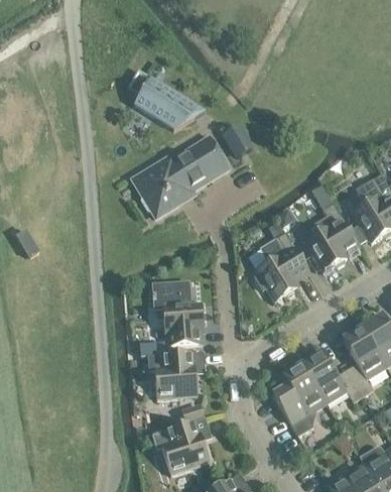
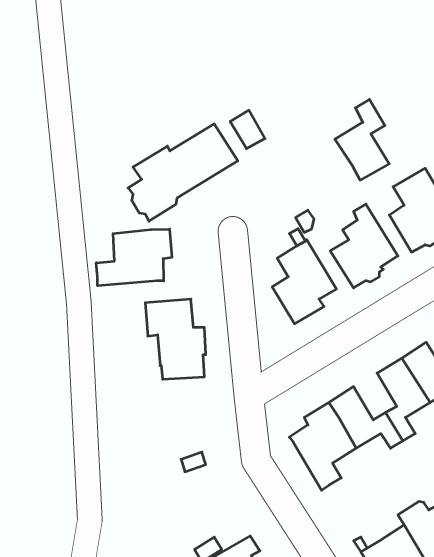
building: [128,70,205,129] -> none
building: none -> [335,99,389,180]
building: none -> [96,229,172,286]
building: [147,352,204,399] -> none
building: [152,417,209,475] -> none

